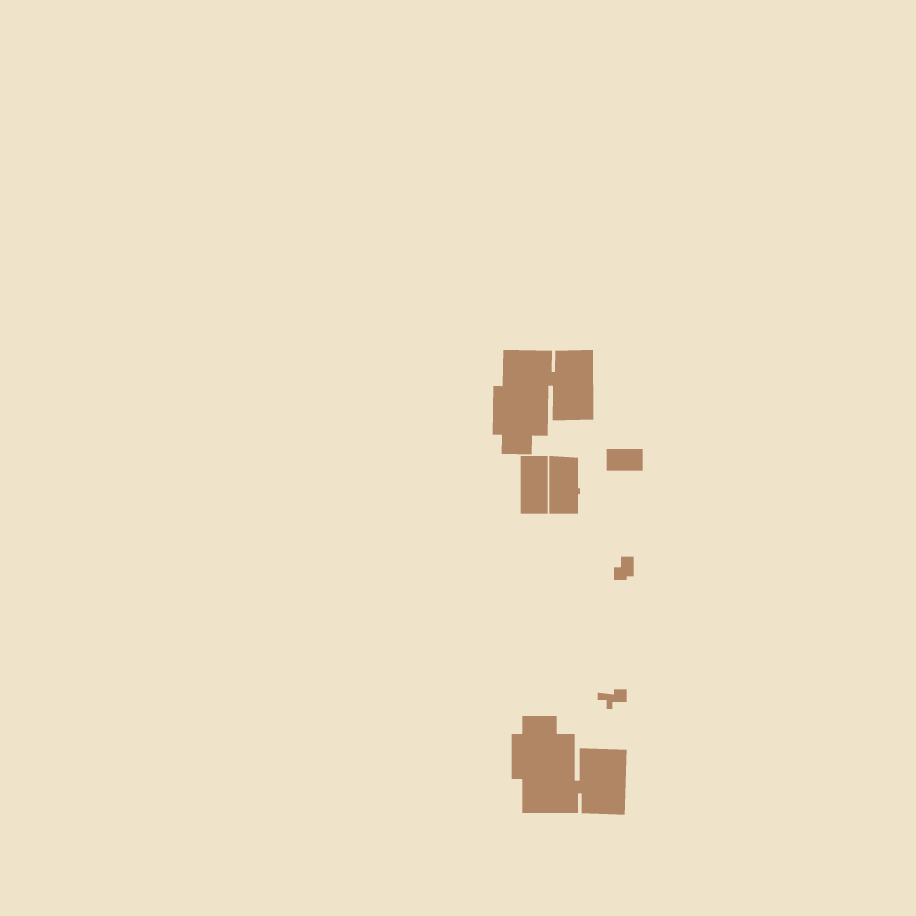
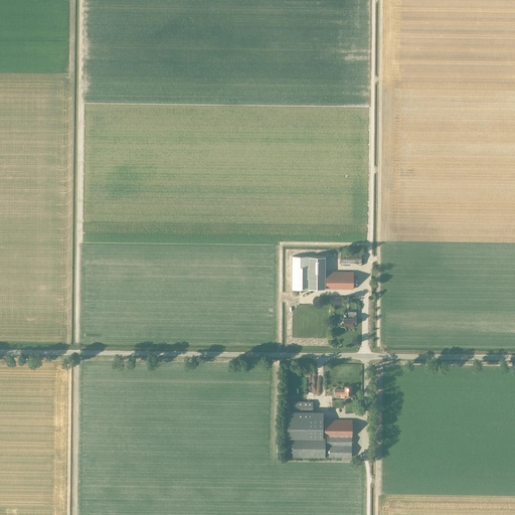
building: [492,349,594,455] -> none
building: none -> [326,272,353,289]

